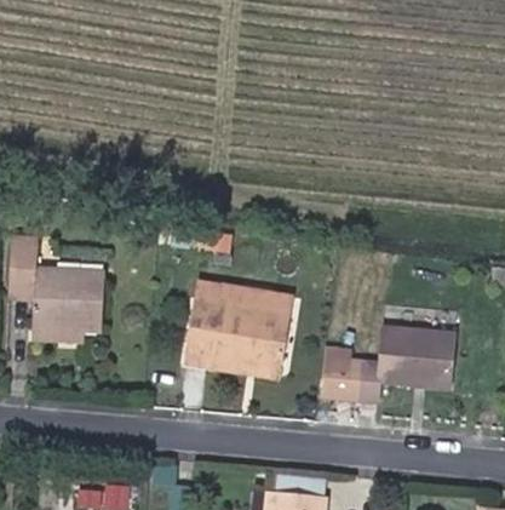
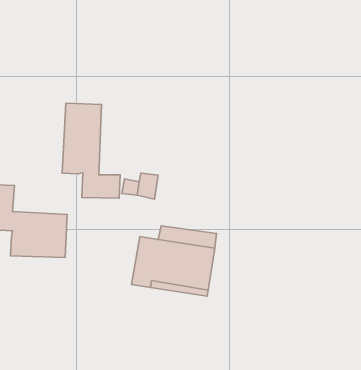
building: none -> [62,103,120,198]
building: [323,327,453,400] -> none

